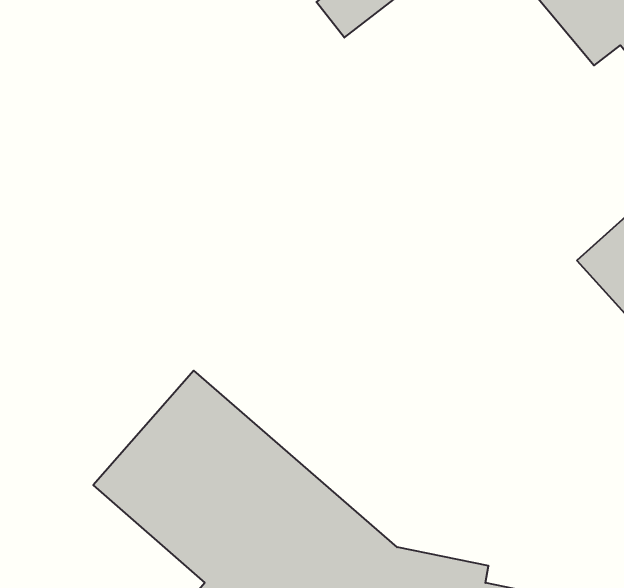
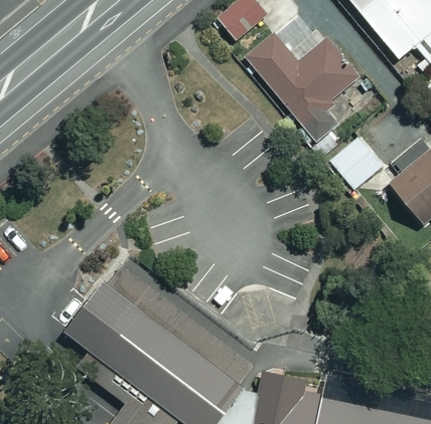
building: none -> [244,35,372,142]
building: none -> [327,136,382,190]

